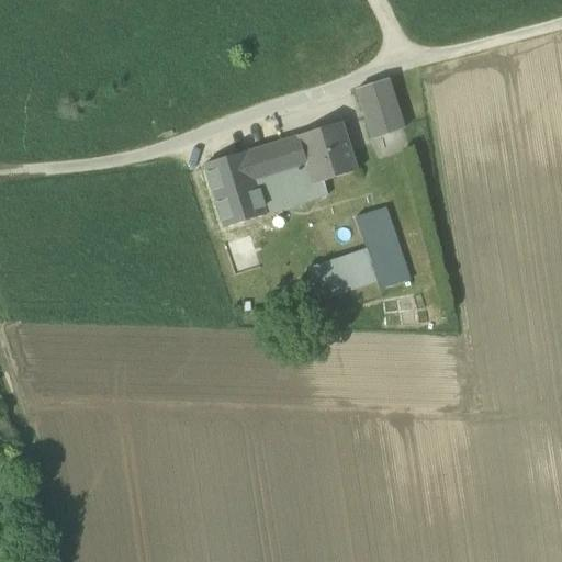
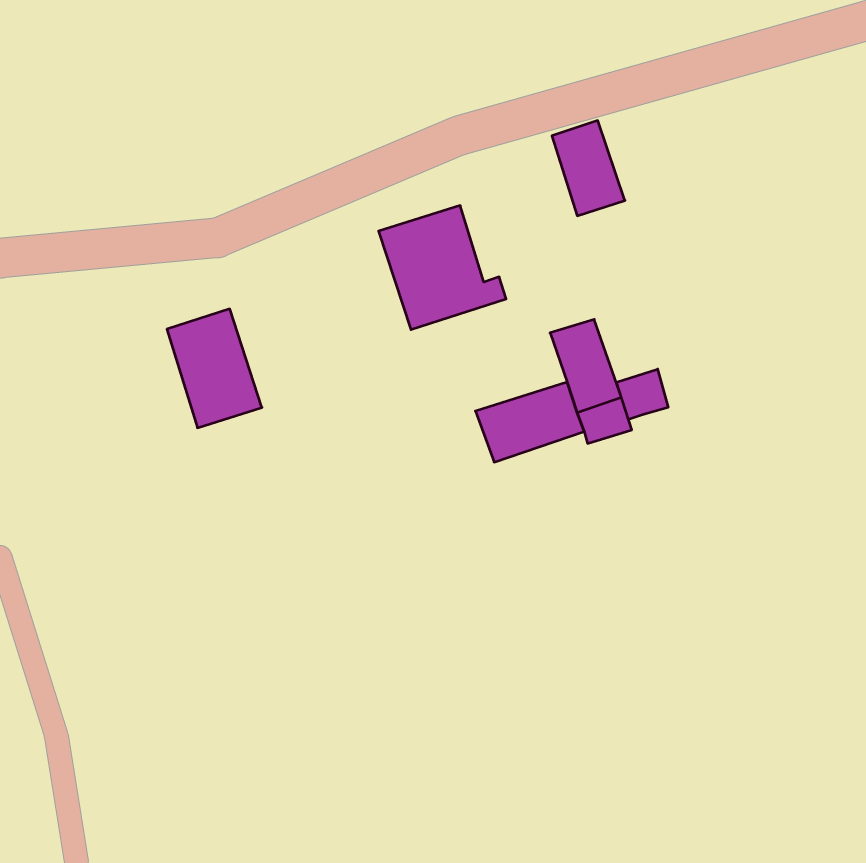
building: [299,120,358,182] -> none
building: [205,149,267,226] -> [167,309,262,428]
building: none -> [616,369,668,419]

